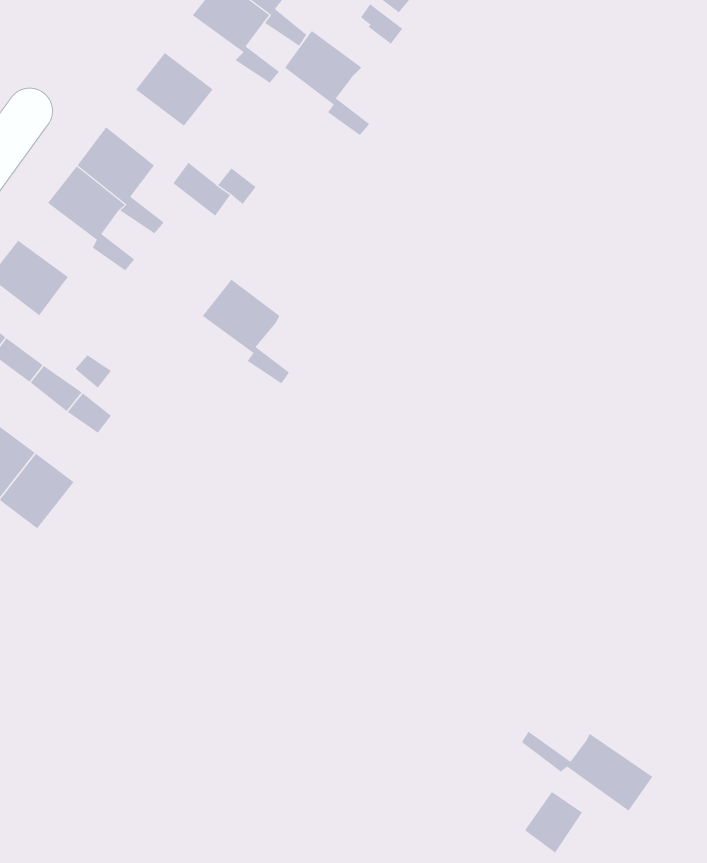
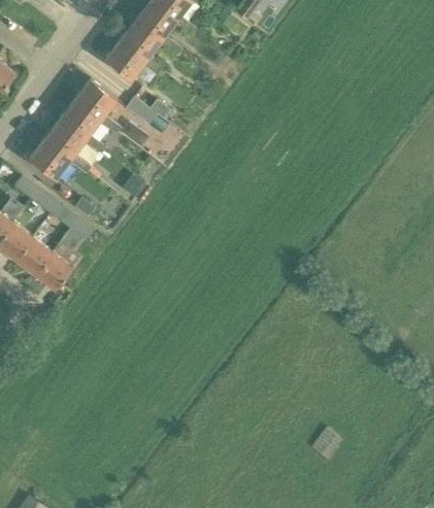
building: [284,30,370,136] -> [121,21,166,76]
building: [202,279,290,384] -> [43,120,90,175]
building: [521,731,653,811] -> none

